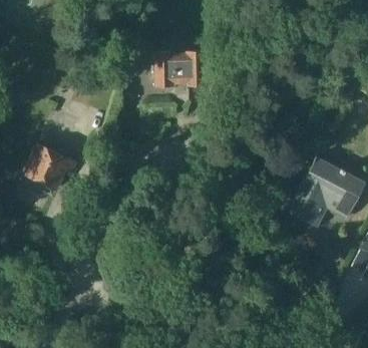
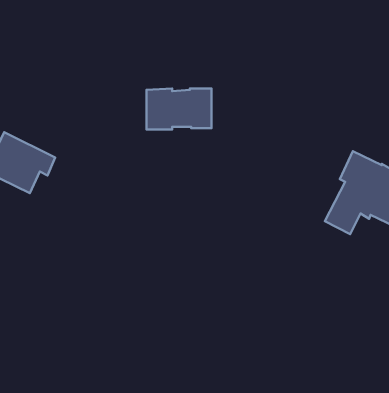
building: [154,52,206,84] -> [147,89,211,129]

